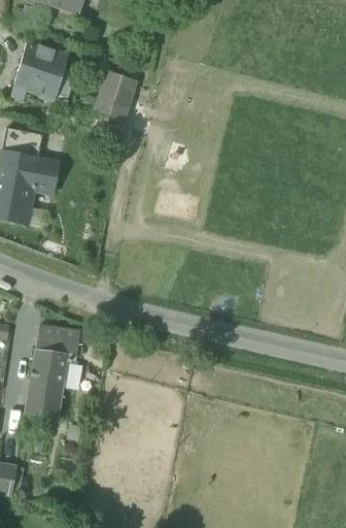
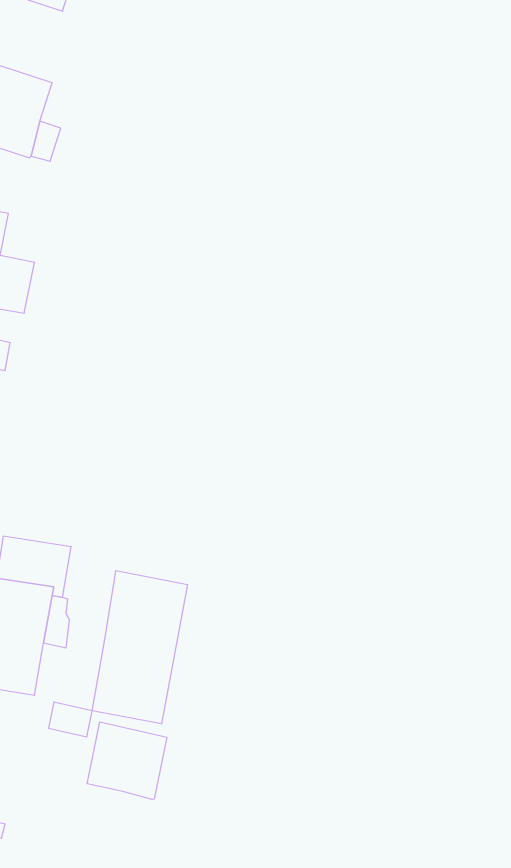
building: [93,70,135,123] -> none
building: none -> [92,571,187,724]
building: none -> [87,722,167,800]

